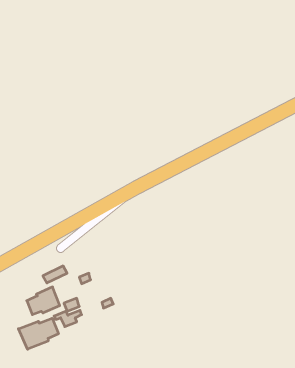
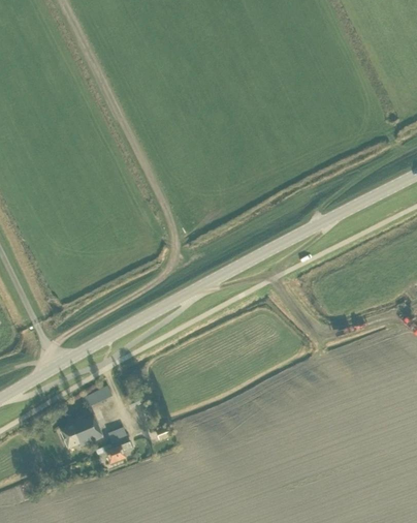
building: [18,318,58,349] -> none

